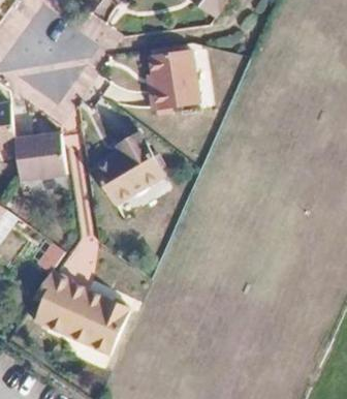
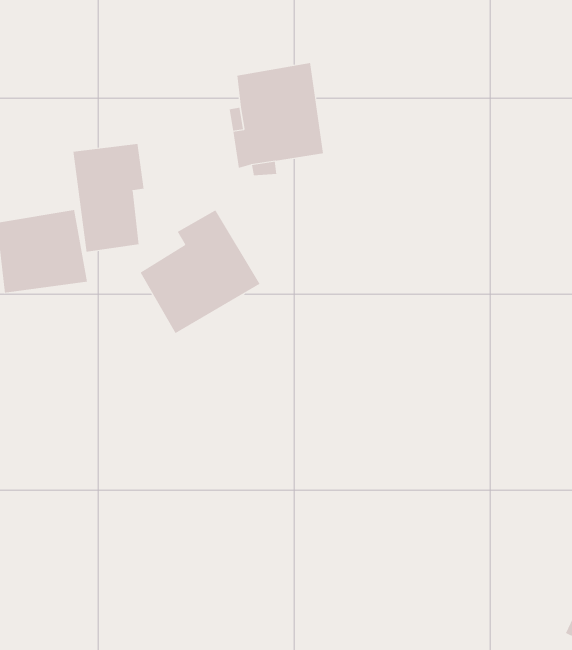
building: none -> [73,143,144,252]
building: [38,254,125,344] -> none

